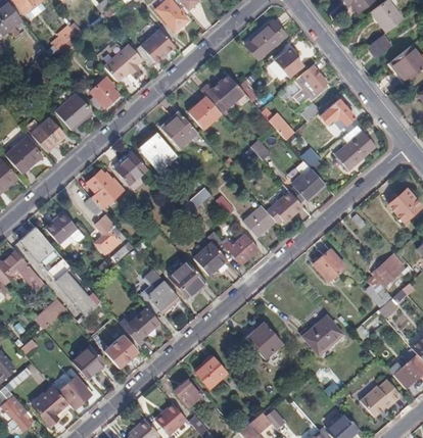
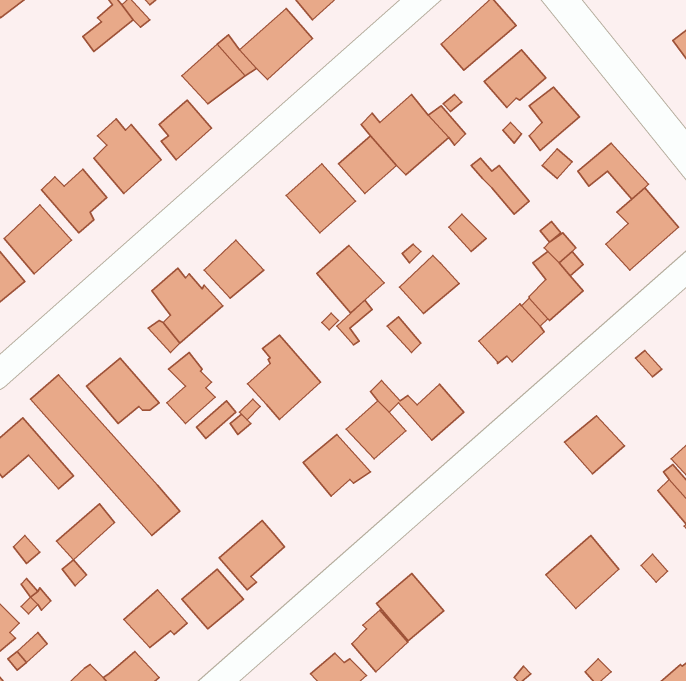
building: [140,136,177,173] -> [317,245,384,313]
building: [243,205,276,237] -> [399,256,459,313]
building: [137,270,177,315] -> [248,335,321,419]
building: [246,323,283,359] -> [376,574,444,641]

